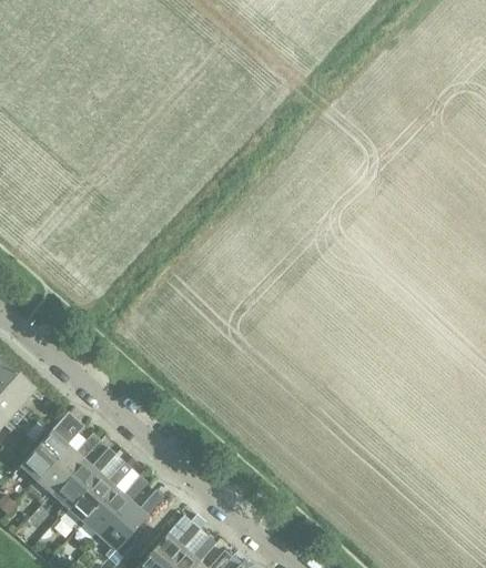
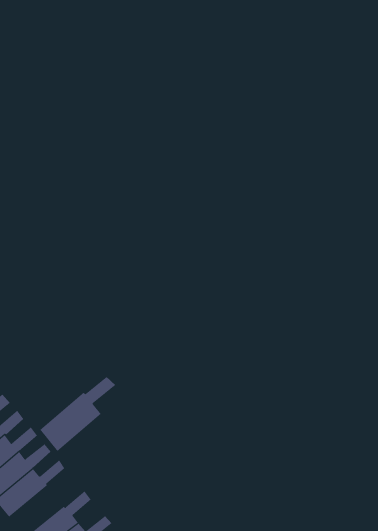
building: none -> [39,376,116,452]

